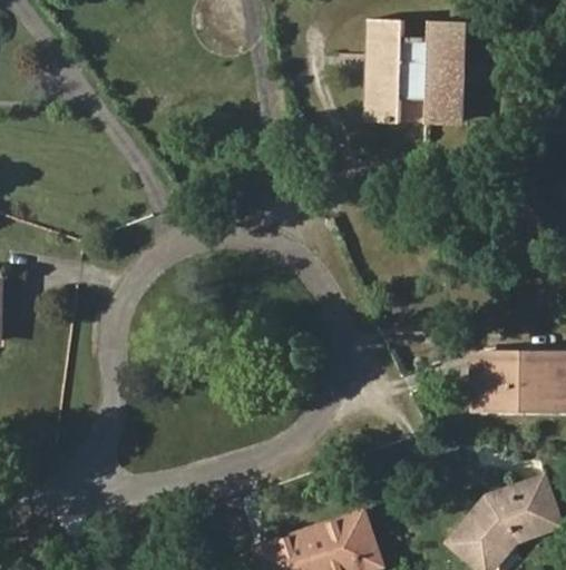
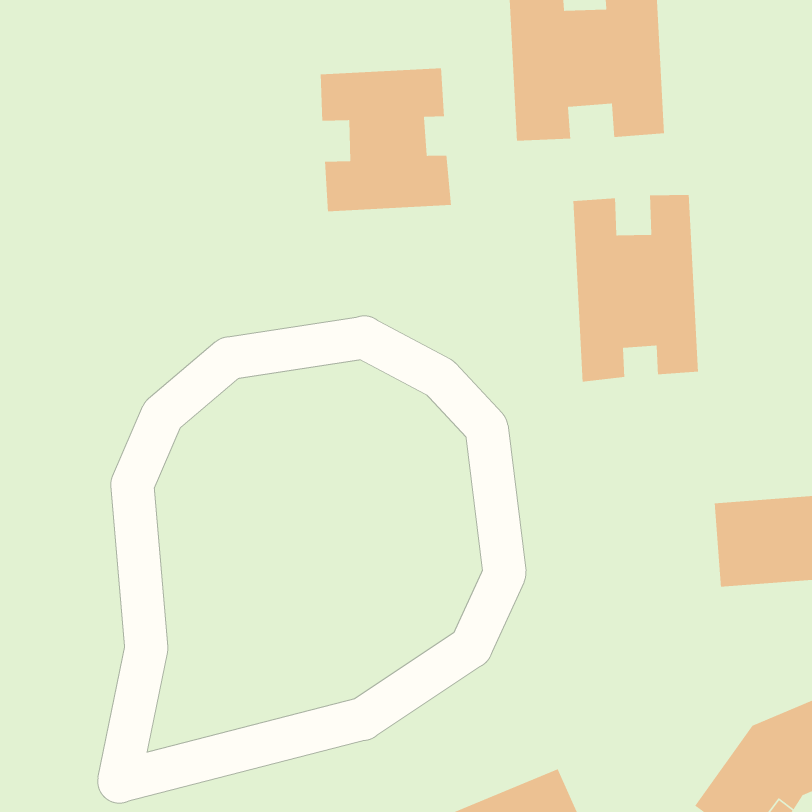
building: none -> [320,67,452,212]
building: none -> [573,194,699,383]

